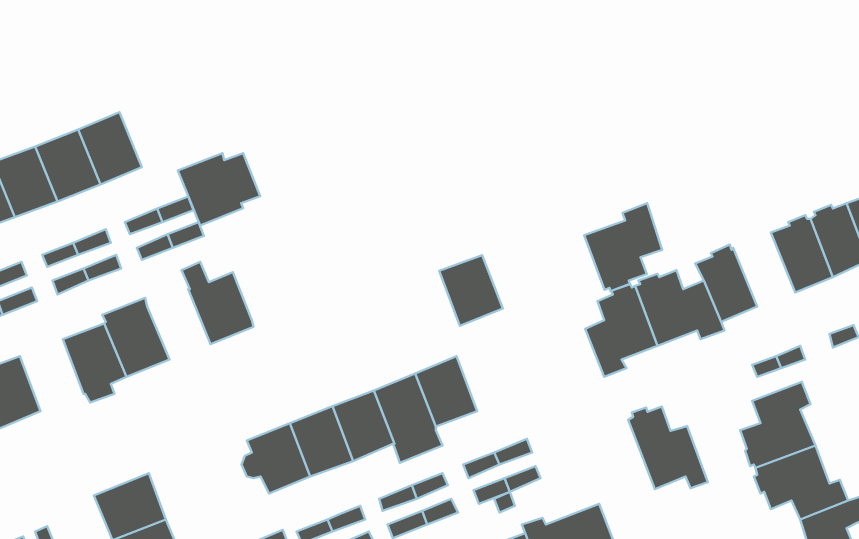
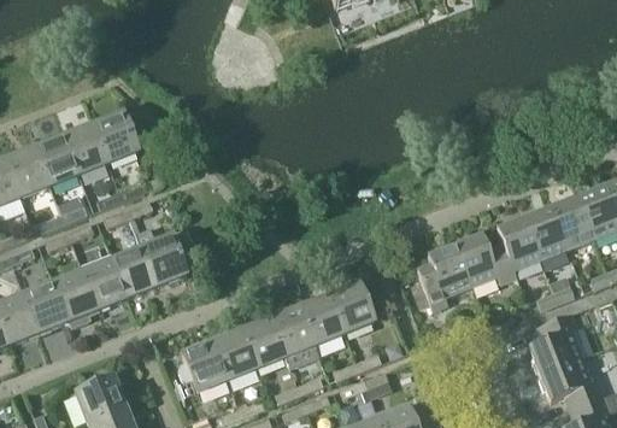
building: [178,153,260,225] -> [93,111,151,162]
building: [584,203,662,291] -> none
building: none -> [523,207,566,259]
building: [439,255,503,326] -> [329,283,374,333]
building: none -> [112,247,157,297]
building: none -> [23,282,67,333]
building: [628,406,708,489] -> none

